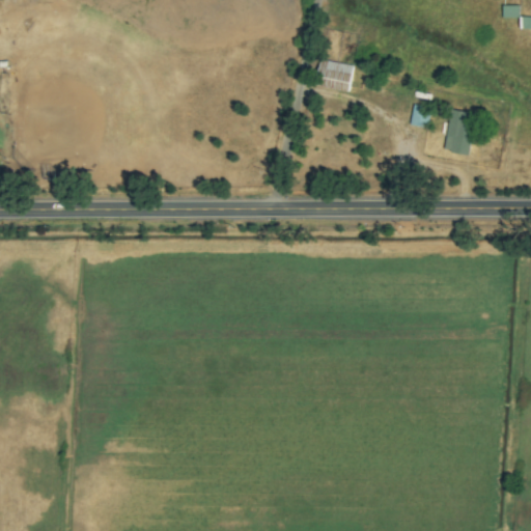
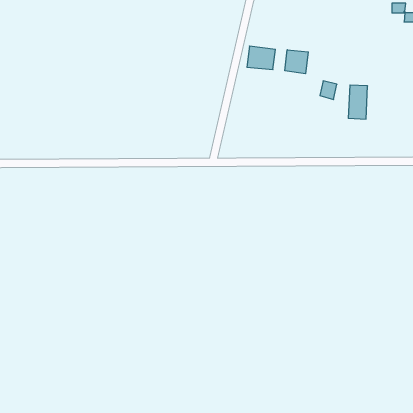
building: none -> [285,50,308,74]

